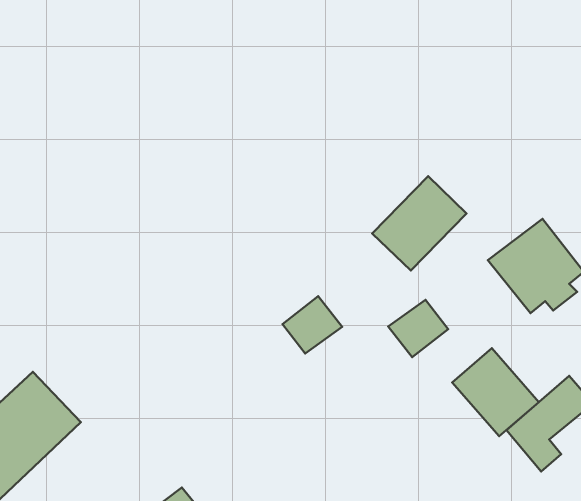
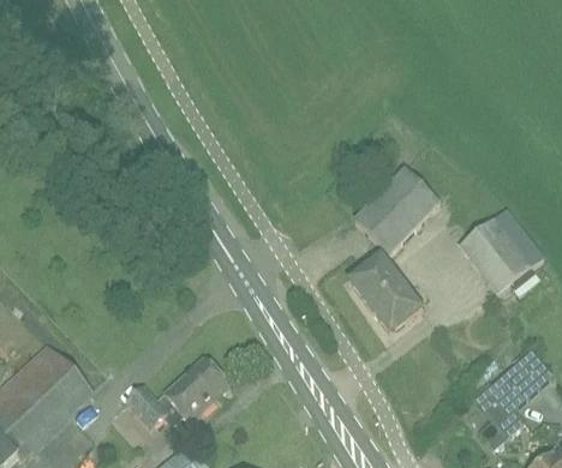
building: [282,296,342,353] -> [348,253,402,305]
building: [452,348,539,436] -> none
building: none -> [127,356,231,427]

